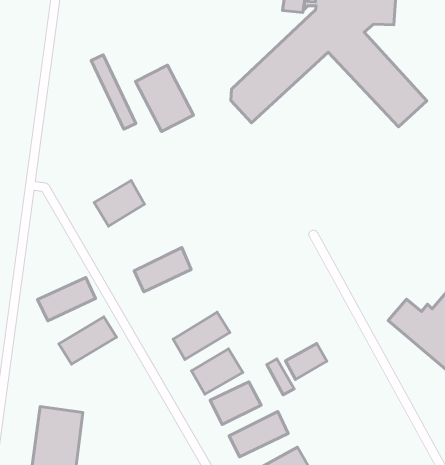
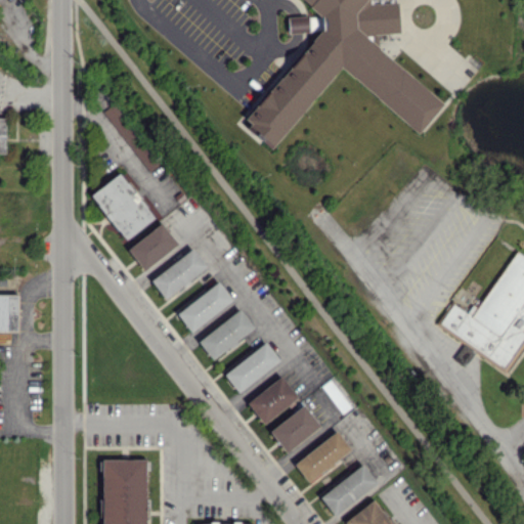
building: [135,65,194,131] -> [92,174,155,241]
building: [37,277,95,321] -> [150,250,208,298]
building: [59,317,117,364] -> [199,309,255,360]
building: [286,343,327,379] -> none

